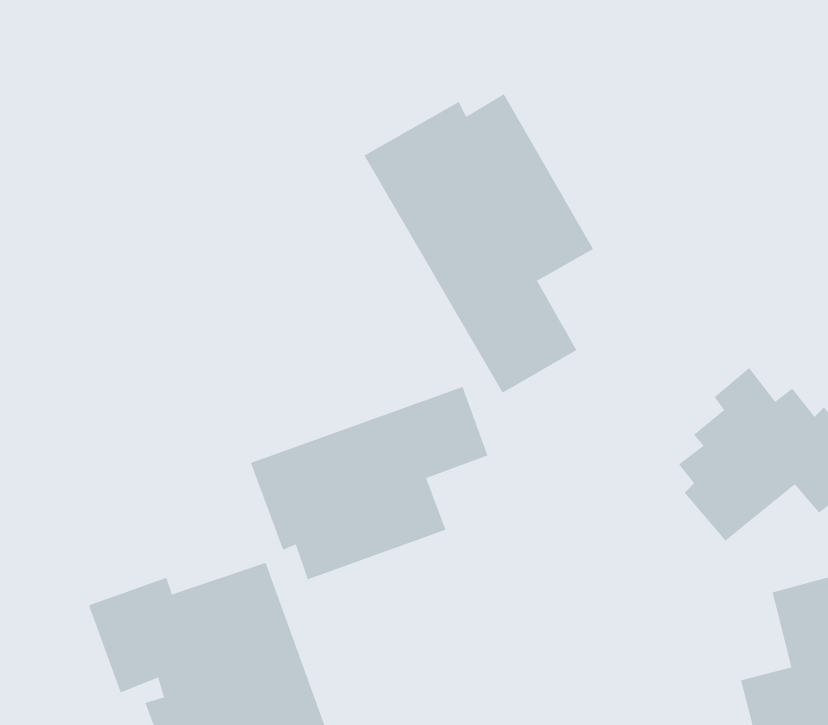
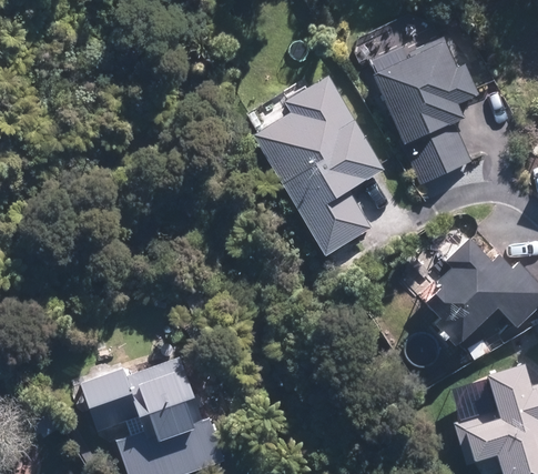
building: none -> [373,38,479,184]
building: [250,386,488,580] -> none

